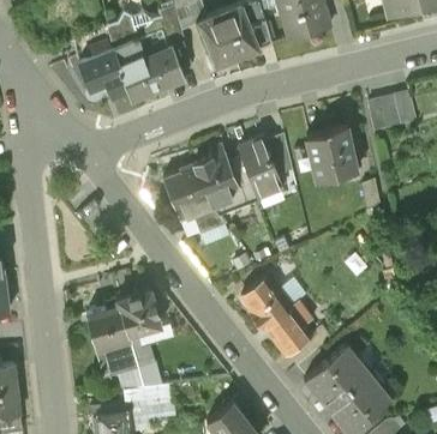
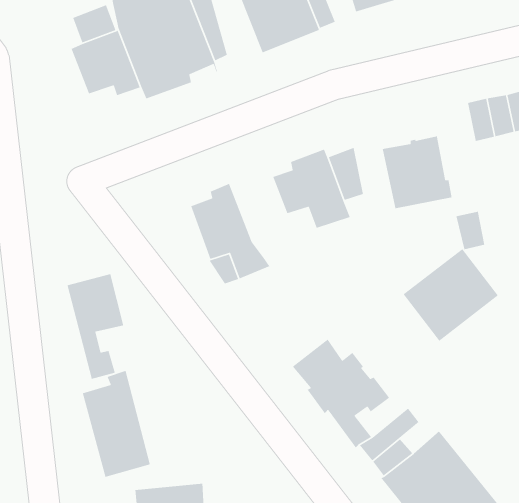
building: [193,151,258,216] -> none
building: none -> [403,248,499,342]
building: [118,290,160,368] -> [67,273,124,380]

